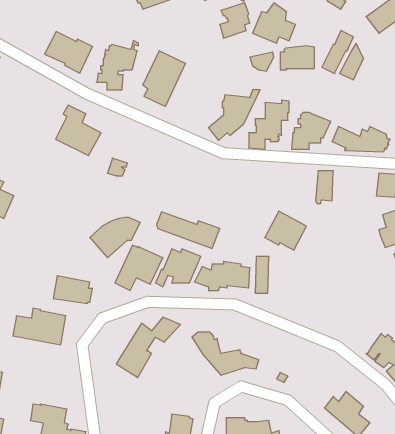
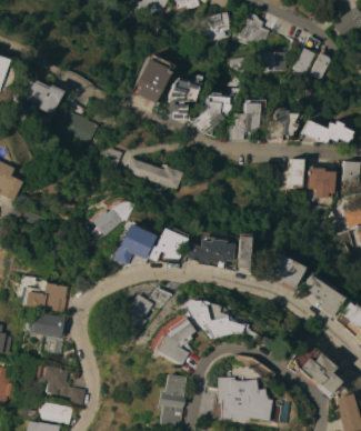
building: [45,32,93,73] -> [23,78,66,114]
building: [97,41,138,90] -> [167,74,203,118]
building: none -> [309,168,337,198]
building: [265,211,306,250] -> [267,254,303,289]
building: [157,212,220,249] -> [130,158,185,190]
building: [53,276,92,304] -> [32,312,67,337]
building: none -> [300,272,343,315]
building: none -> [151,317,191,364]

